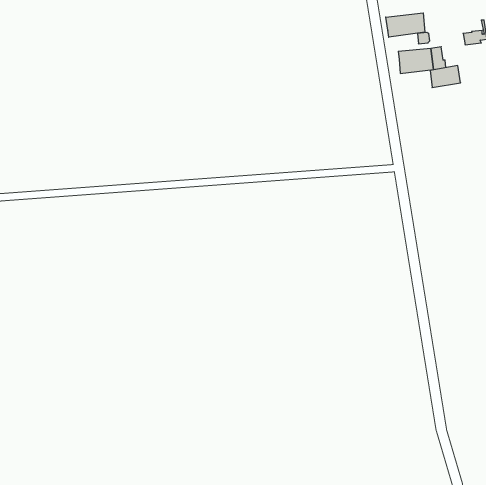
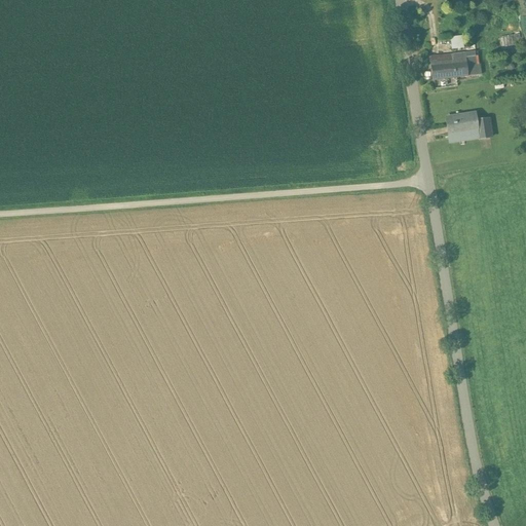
building: [386,13,425,37] -> none
building: [430,66,461,88] -> [447,111,480,135]

